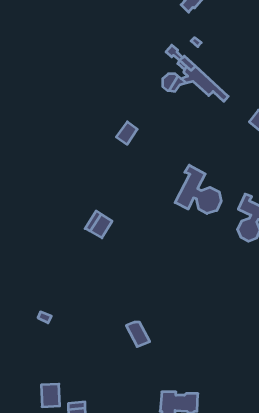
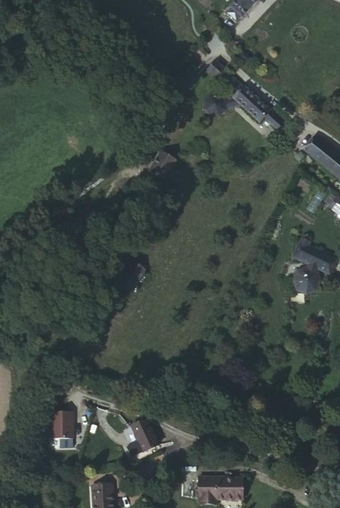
building: [175,165,221,214] -> none
building: [126,322,150,347] -> [130,423,158,452]
building: [41,384,60,407] -> [52,410,74,437]

